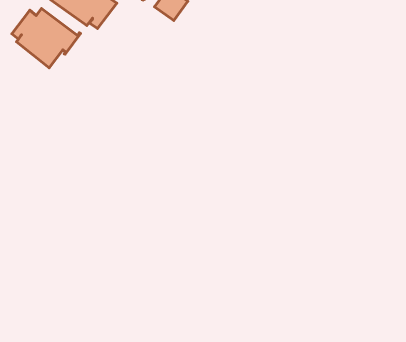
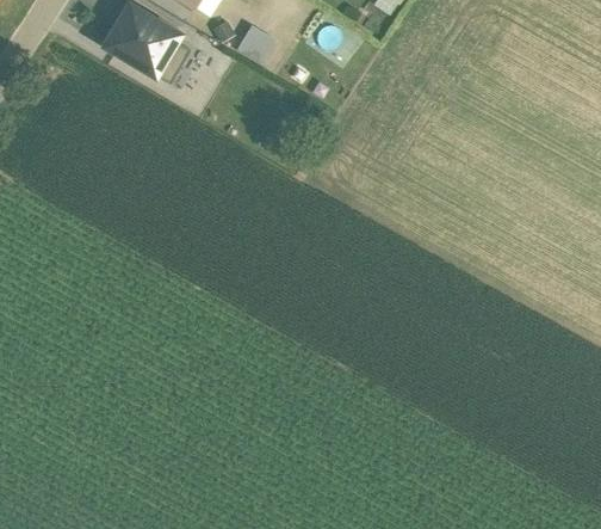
building: [12,8,80,68] -> none

